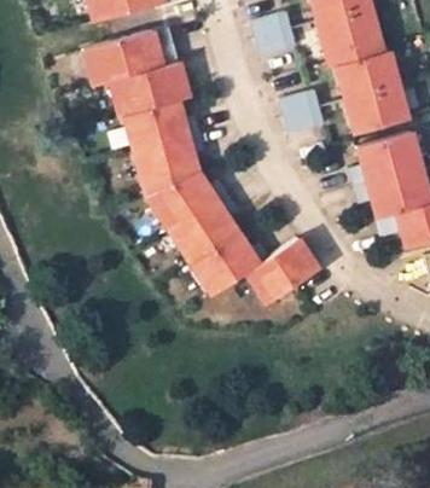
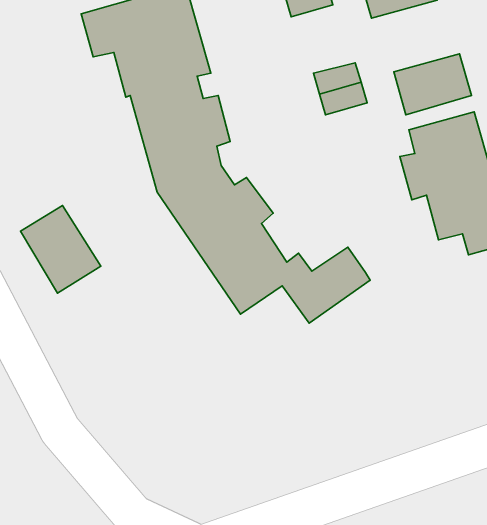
building: [332,50,395,98] -> none
building: none -> [20,205,101,293]

